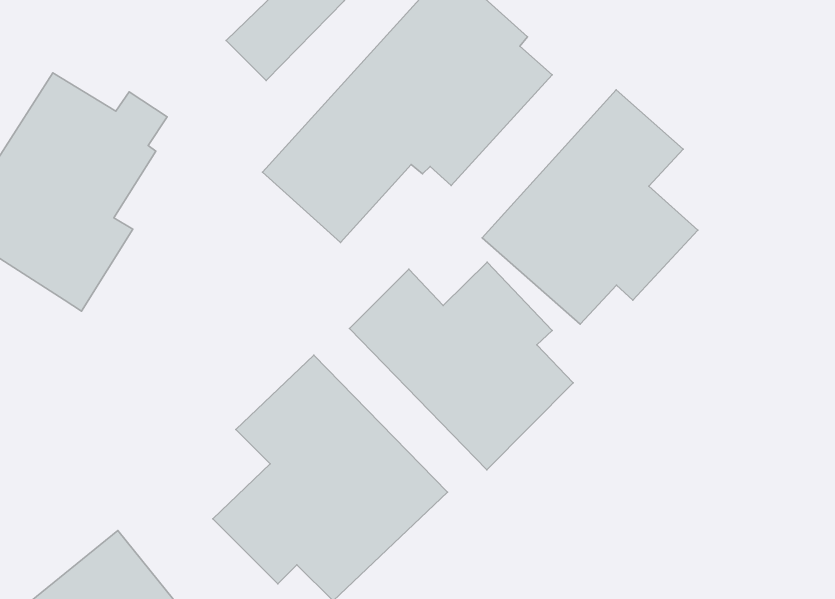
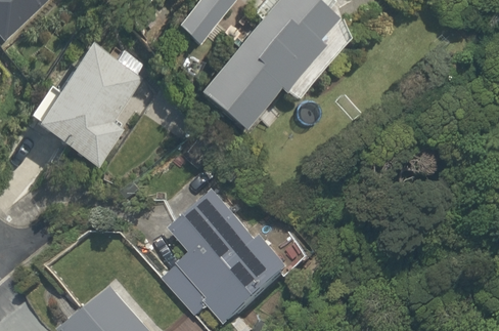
building: [482,90,698,324] -> none
building: [349,262,573,470] -> none

